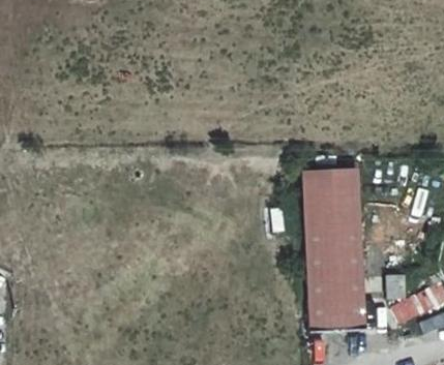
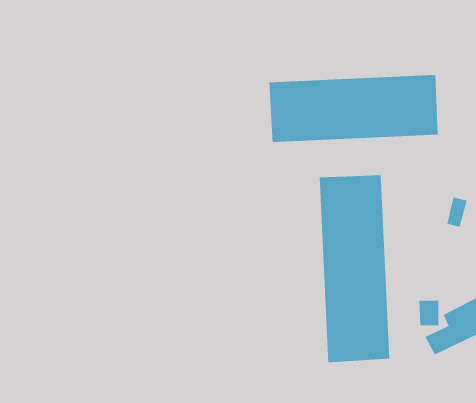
building: none -> [269,74,438,143]

